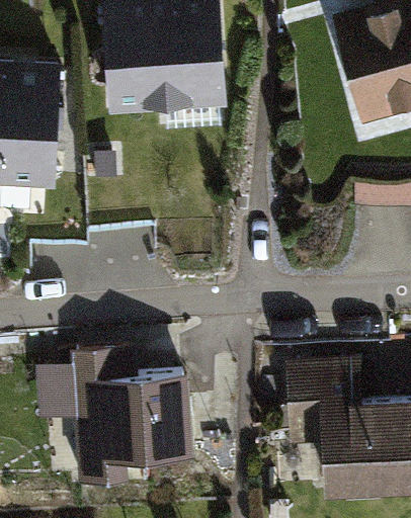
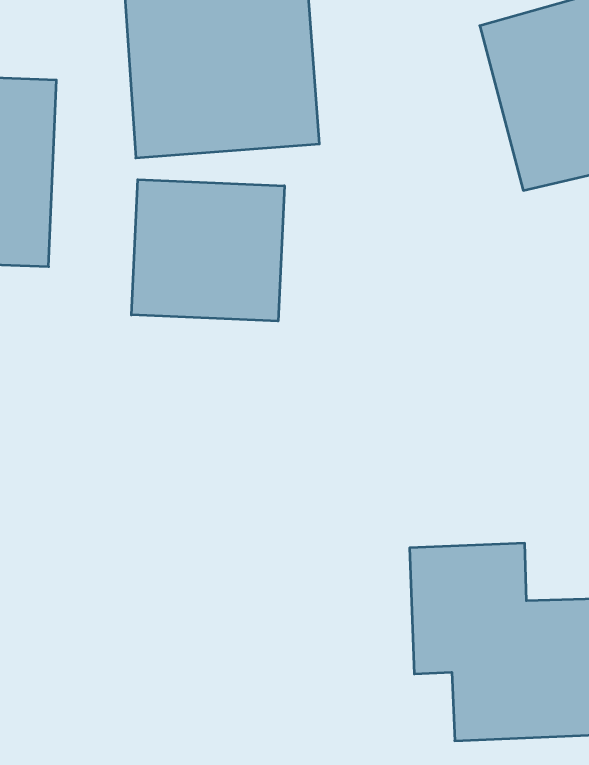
building: none -> [131,180,284,321]
building: [73,355,191,491] -> none

